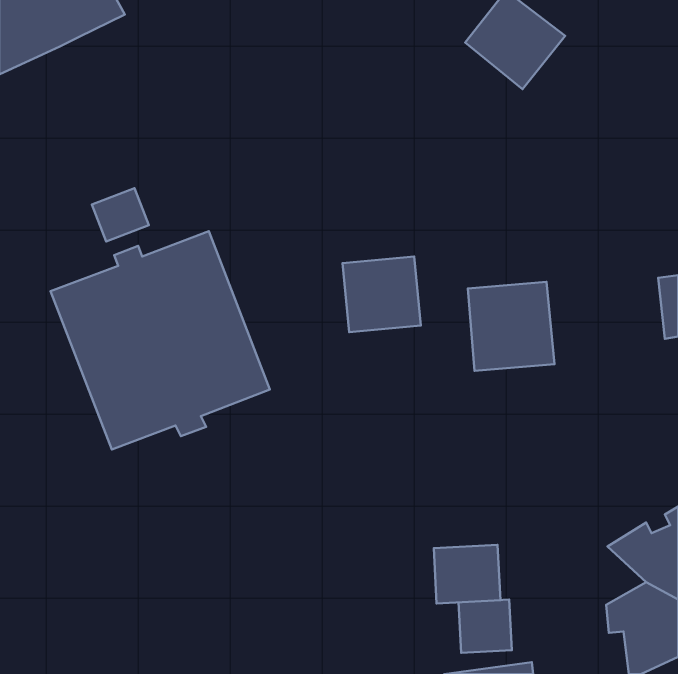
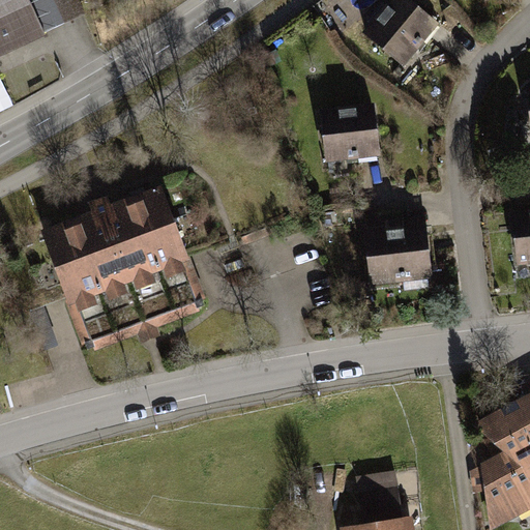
building: [92,188,149,242] -> none
building: [342,257,421,332] -> [319,108,380,167]
building: [434,545,500,603] -> none

